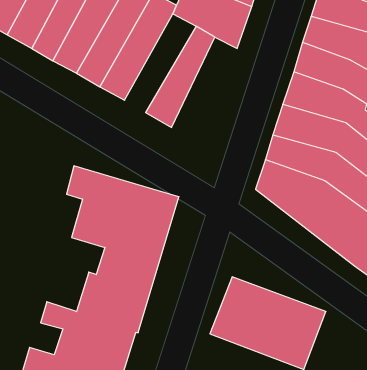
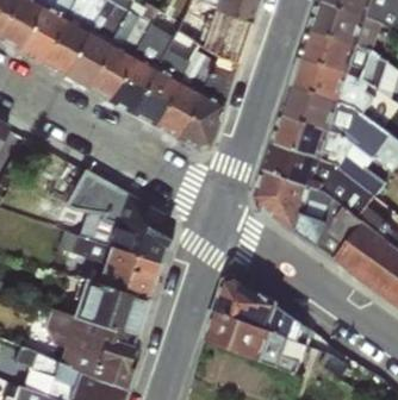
building: none -> [129,29,198,124]
building: none -> [174,51,237,149]

